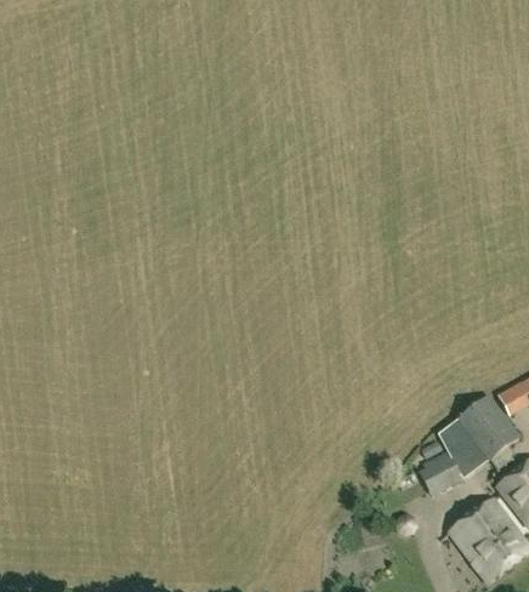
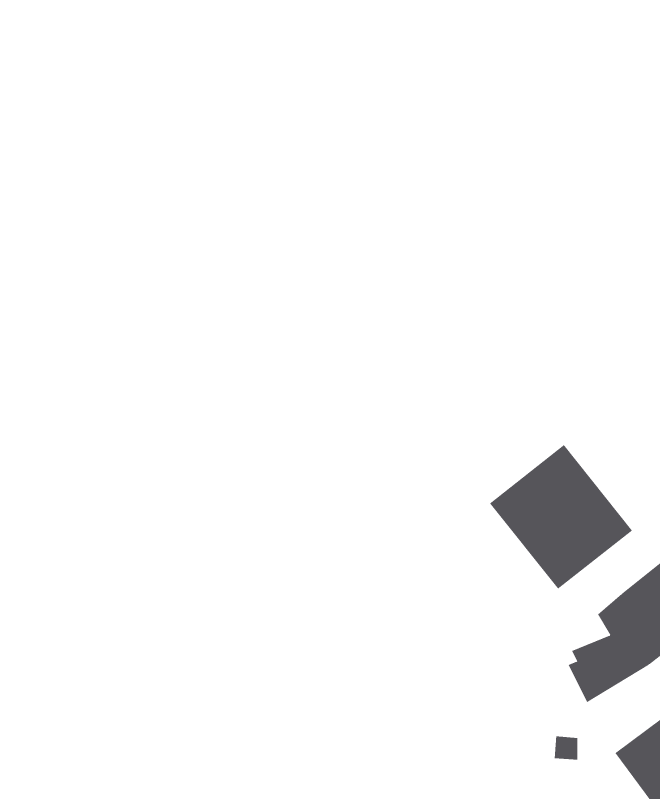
building: none -> [489,444,633,589]

